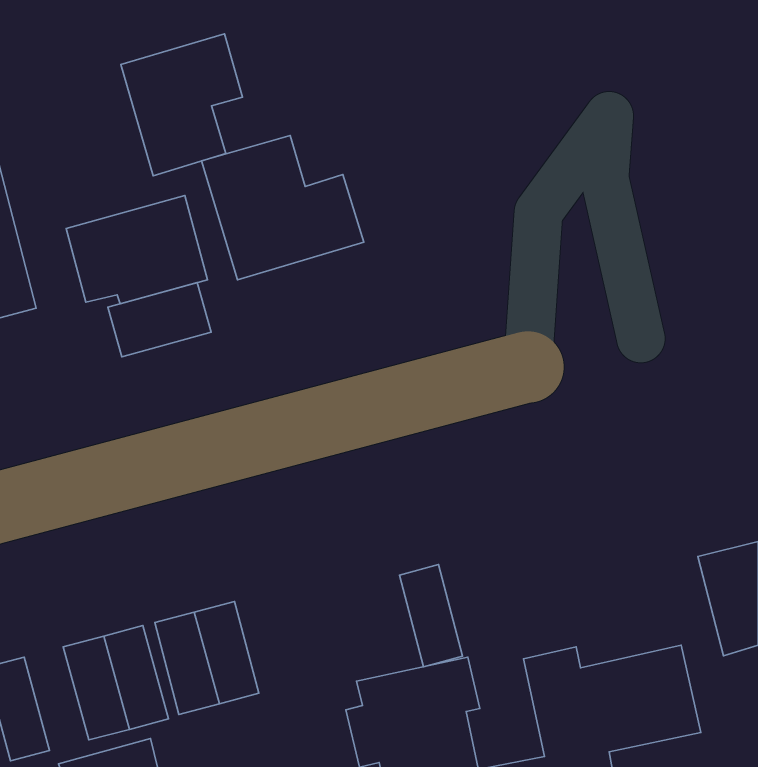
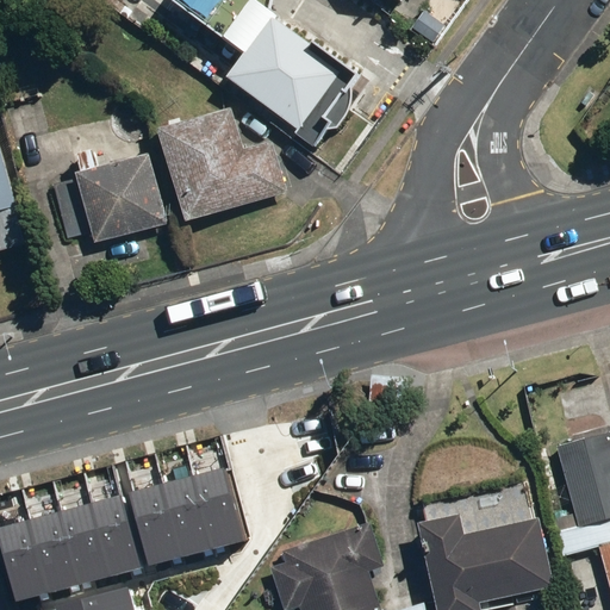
building: none -> [225,17,361,149]
building: [121,34,243,176] -> none
building: [108,283,211,357] -> none
building: [399,565,463,667] -> [186,469,236,550]
building: none -> [19,513,70,596]

